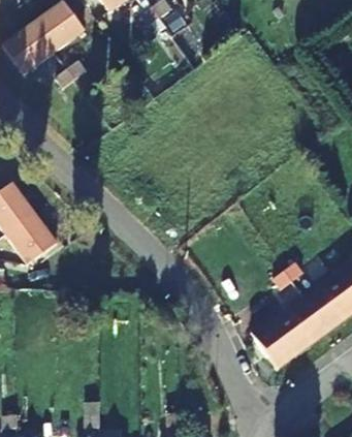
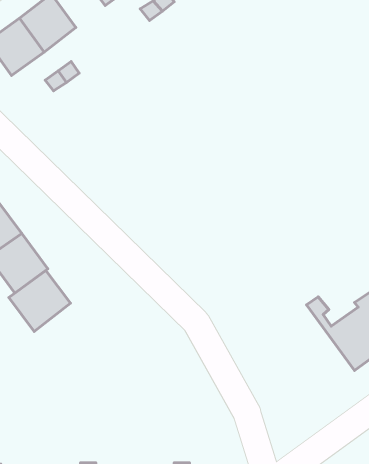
building: none -> [9,270,70,332]
building: [250,276,328,370] -> none

